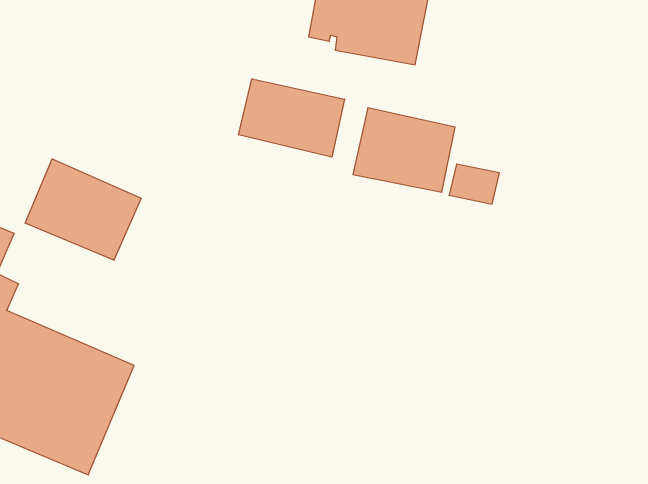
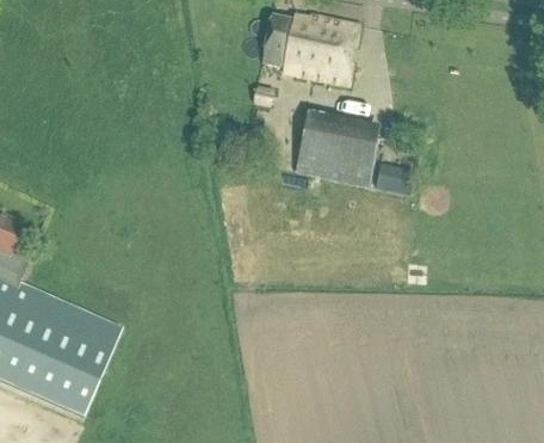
building: [239,79,344,157] -> none
building: [25,159,141,260] -> none

